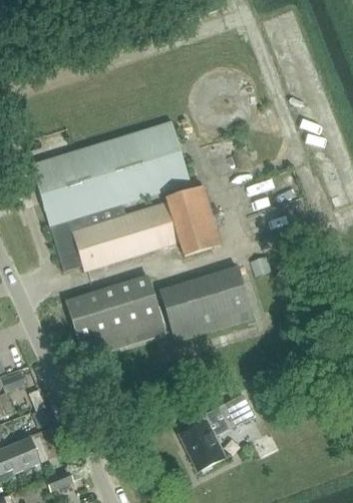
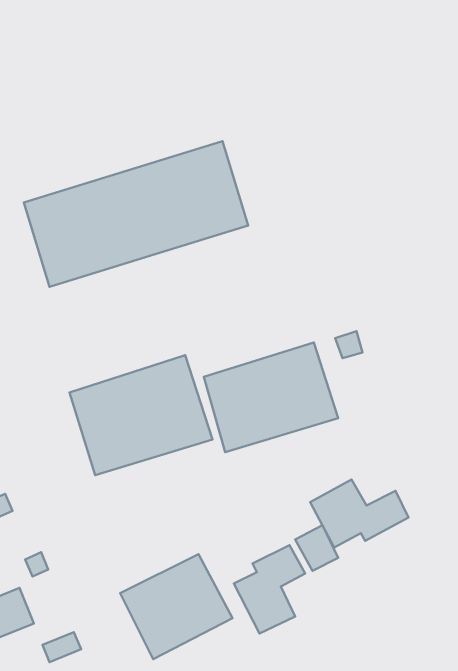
building: [51,185,222,273] -> none
building: none -> [310,479,408,547]
building: none -> [120,554,233,659]

